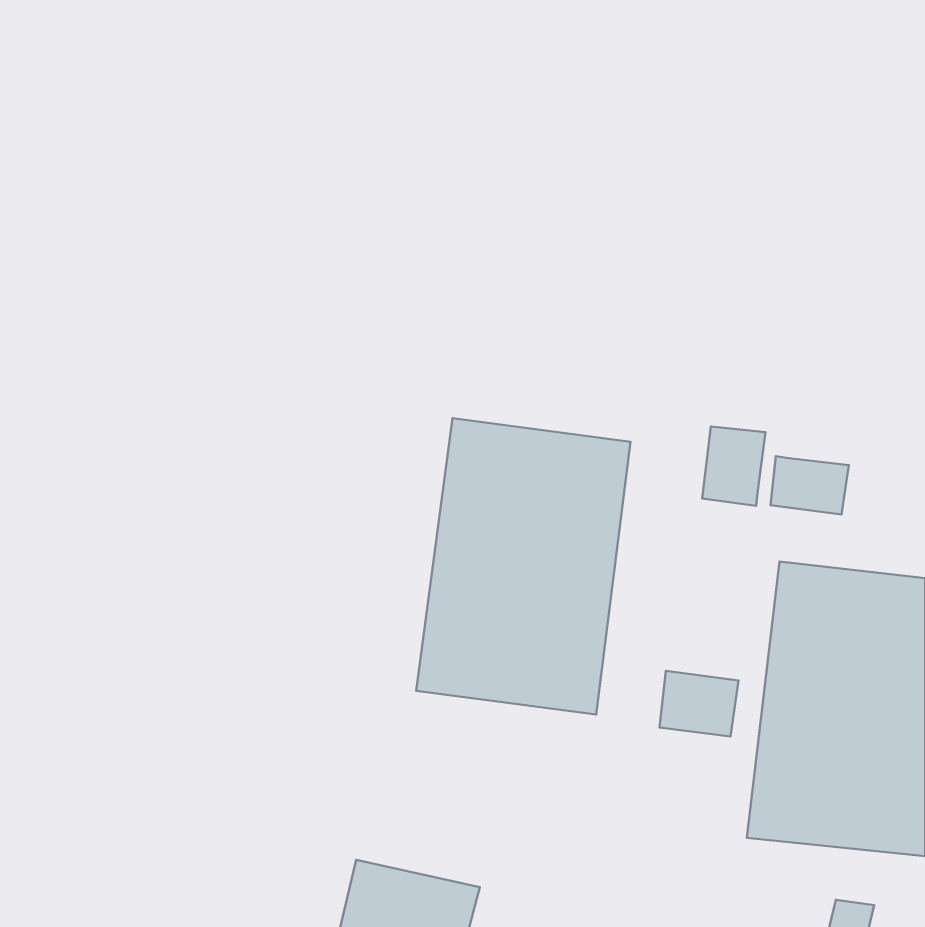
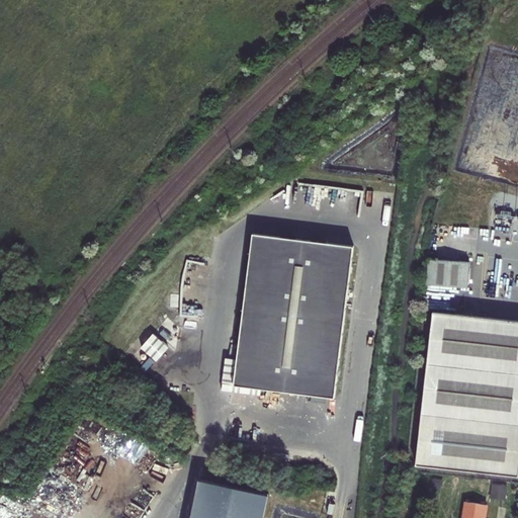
building: [702,427,765,506] -> none
building: [660,671,739,737] -> none

